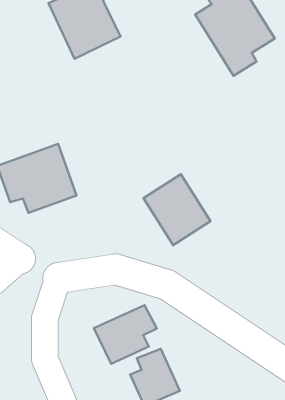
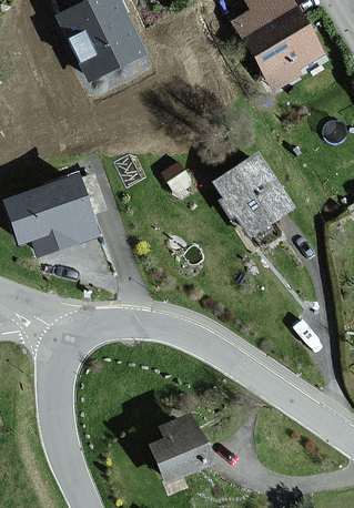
building: [144,174,211,245] -> [211,153,289,235]
building: [94,305,157,364] -> none

